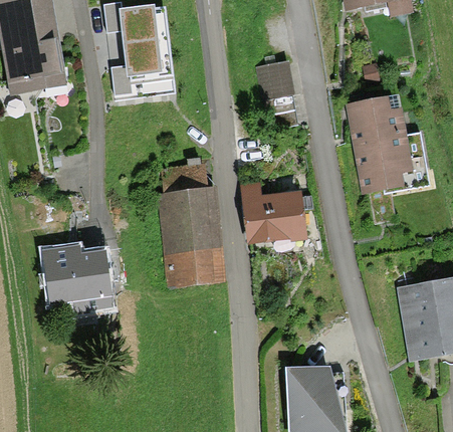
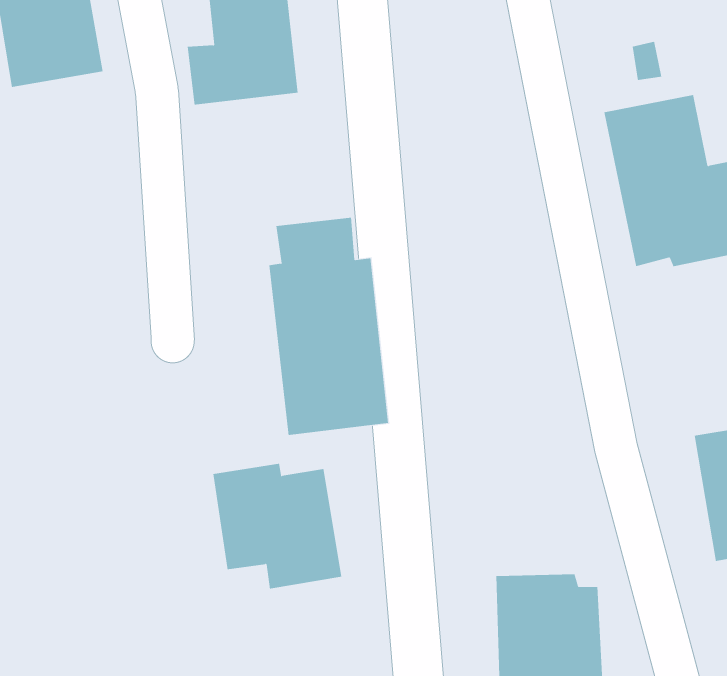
building: [257,60,292,113] -> none
building: [241,185,303,242] -> none
building: [41,242,115,313] -> [213,463,342,589]

